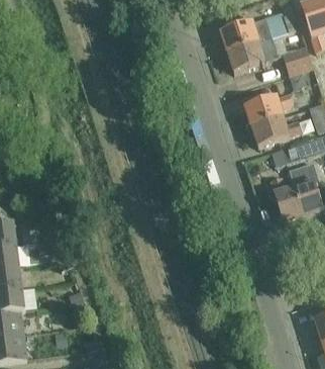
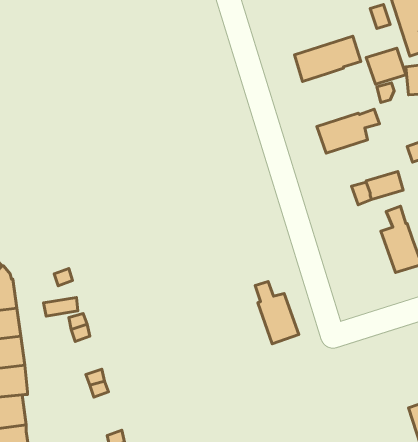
building: [220,16,272,50] -> none
building: [251,114,300,145] -> none
building: [270,175,304,222] -> [255,281,299,344]

